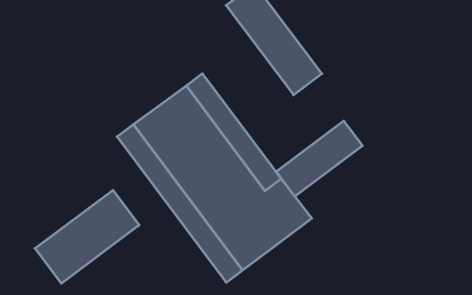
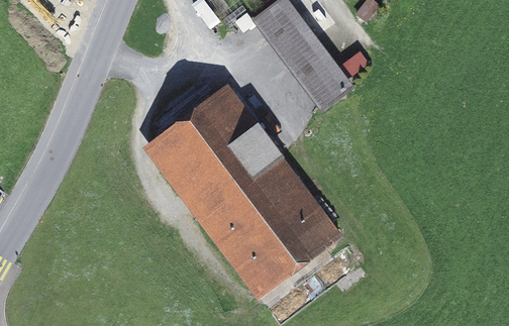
building: [276,121,362,196] -> none
building: [35,190,139,283] -> none

